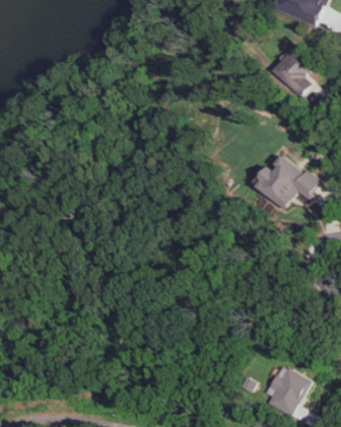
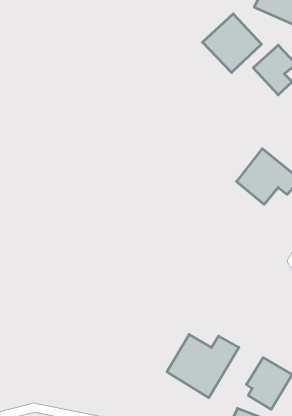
building: none -> [202,14,261,73]
building: none -> [167,334,239,398]

